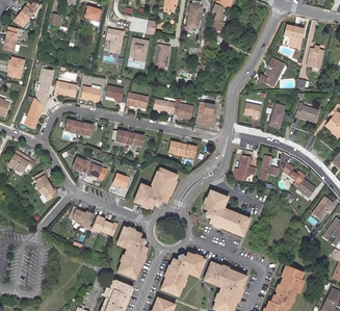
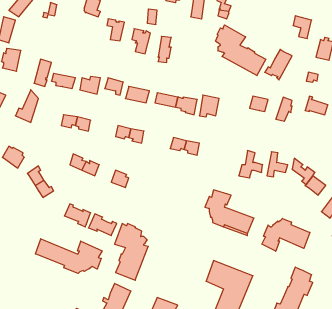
building: none -> [216,25,266,76]
building: [133,167,176,208] -> none
building: none -> [262,218,310,251]
building: none -> [35,239,102,273]
building: [158,250,205,295] -> none

